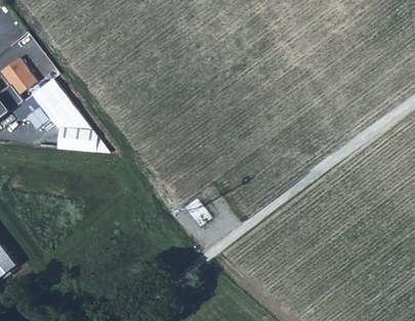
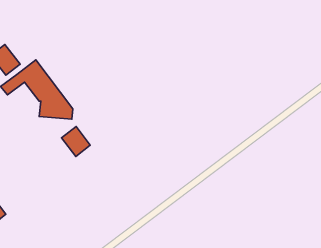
building: none -> [62,127,90,156]

